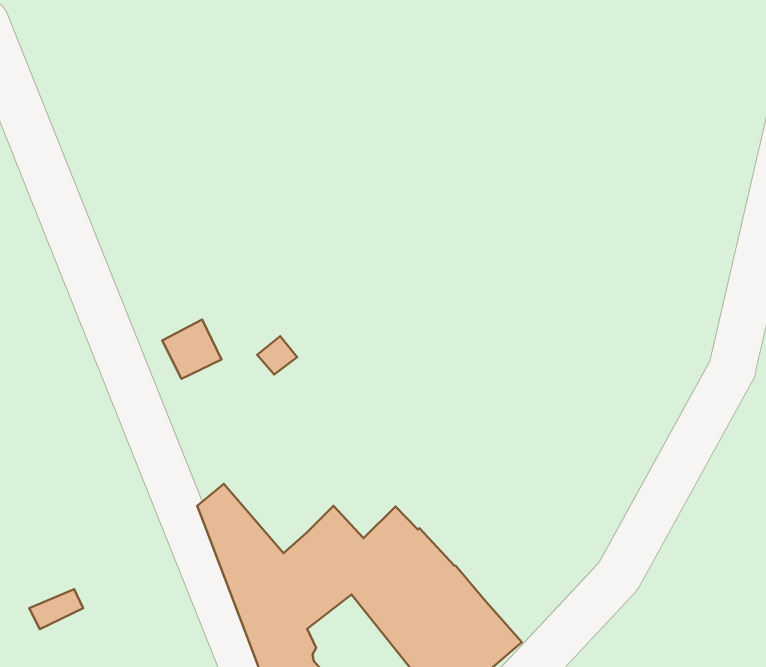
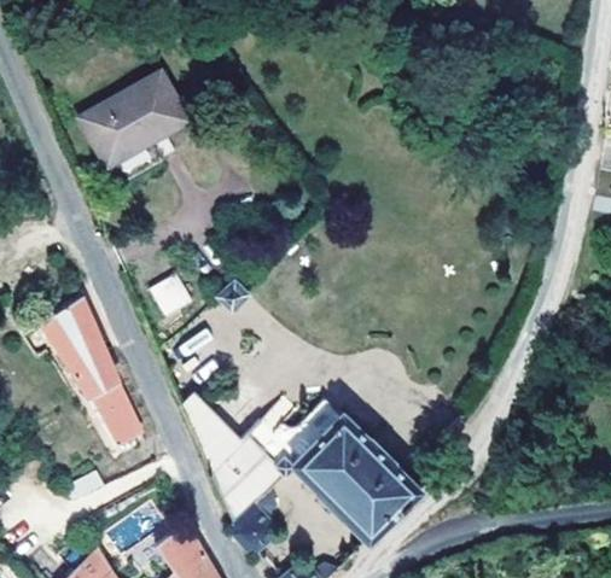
building: none -> [81,72,188,167]
building: none -> [42,298,142,448]

